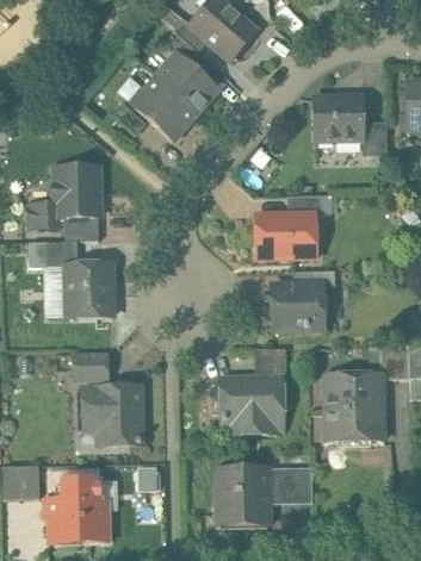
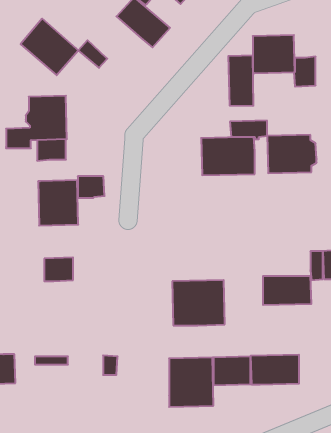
building: [131,74,198,139] -> [21,19,78,75]
building: none -> [228,55,253,106]
building: [47,241,78,266] -> [78,176,105,198]
building: [272,285,329,329] -> [267,135,317,173]
building: [254,348,286,379] -> none
building: [83,386,141,443] -> none
building: [326,406,382,441] -> [251,355,299,385]
building: [45,479,109,541] -> none

